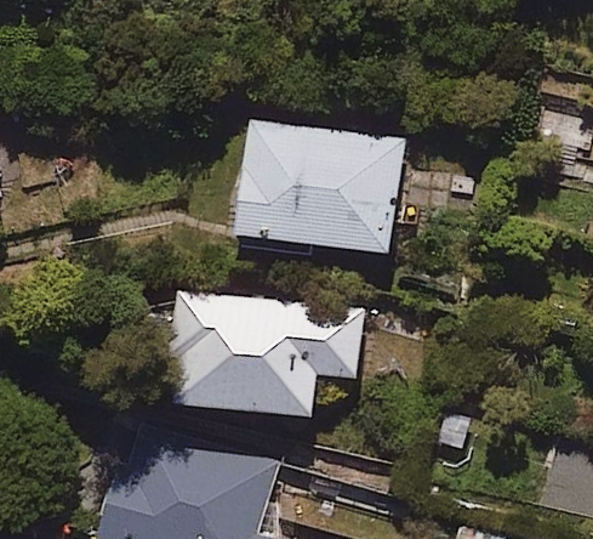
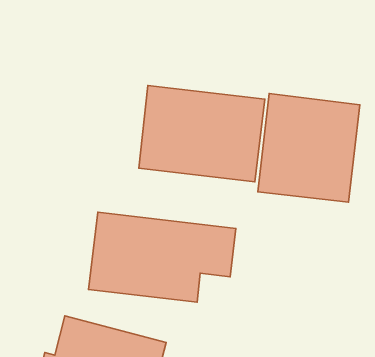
building: none -> [258,94,360,202]

